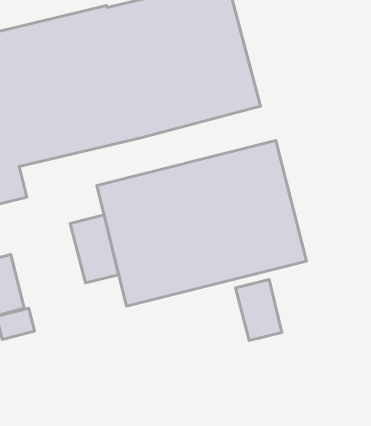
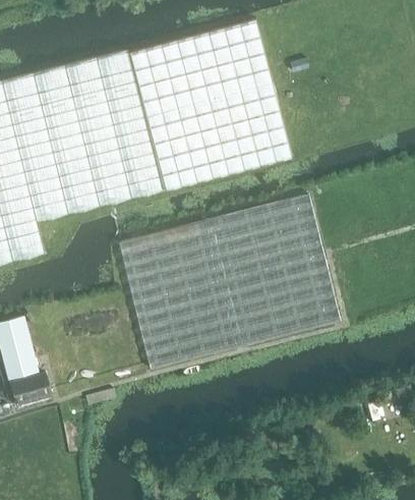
building: [70,215,118,283] -> none
building: [236,279,282,340] -> none

